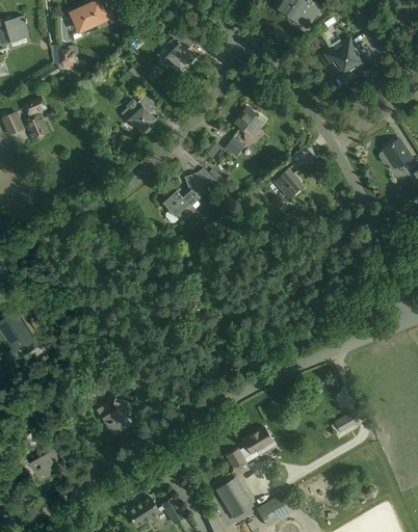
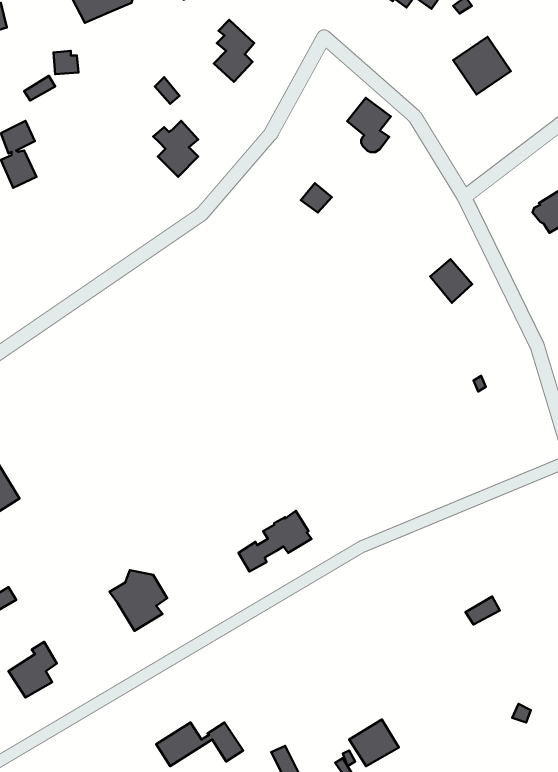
building: [234,108,263,144] -> [347,98,391,152]
building: [162,168,215,223] -> none
building: [273,169,302,198] -> [430,259,472,303]
building: [226,427,275,468] -> [238,511,312,572]
building: [215,479,252,517] -> none

